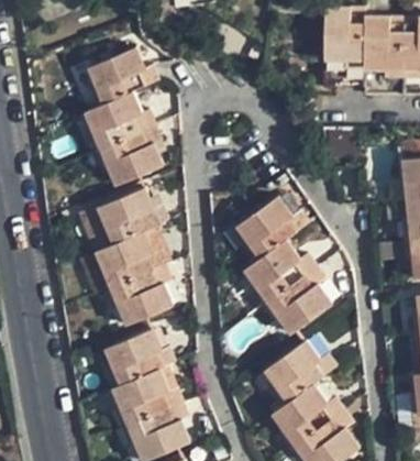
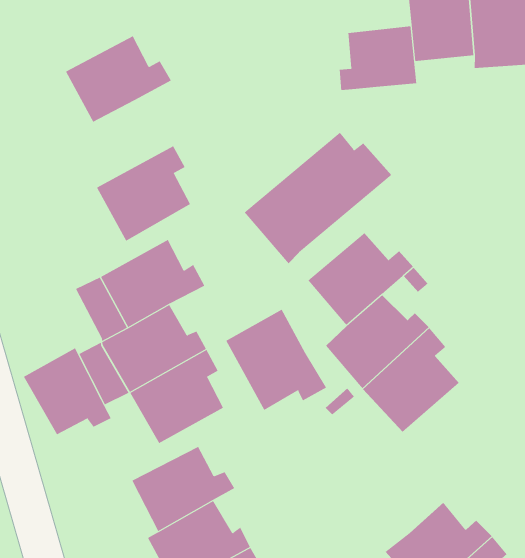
building: none -> [339,26,417,91]
building: [85,91,155,147] -> none
building: none -> [244,132,392,264]
building: none -> [225,309,327,411]
building: none -> [23,348,112,435]
building: [265,340,336,402] -> none

